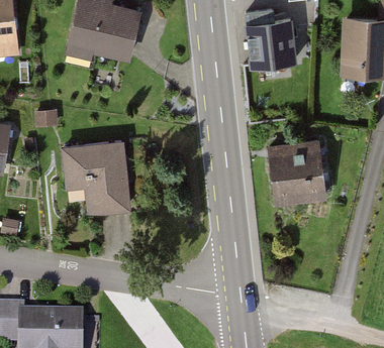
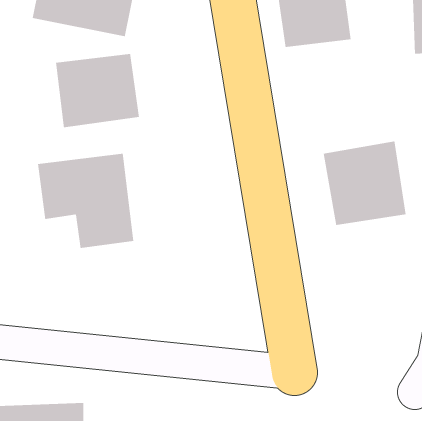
building: none -> [56,53,140,128]

